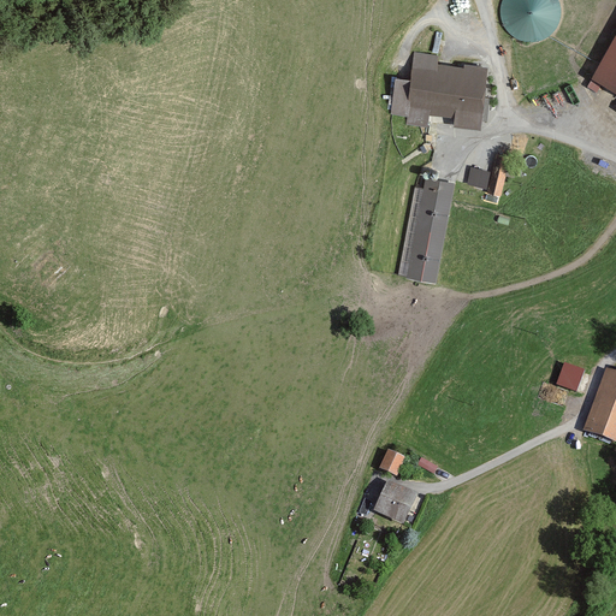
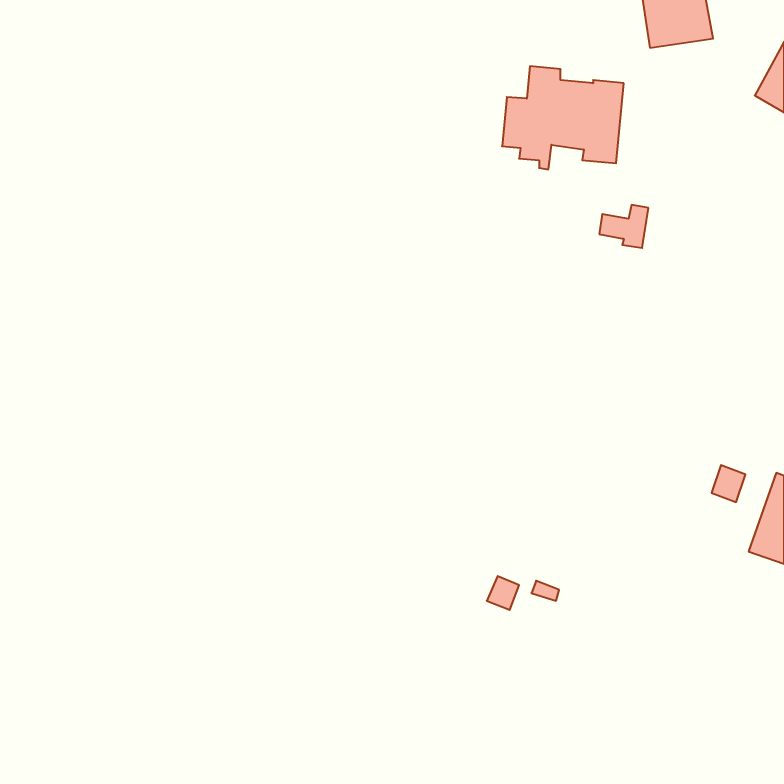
building: [398,177,455,282] -> none
building: [375,481,419,525] -> none

